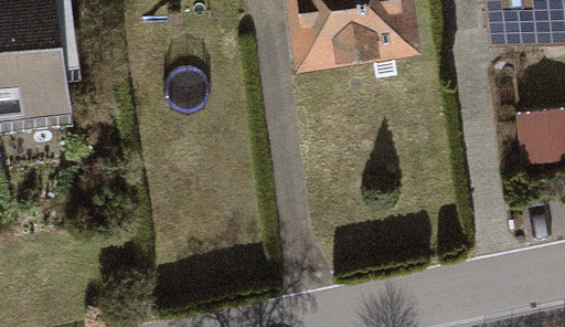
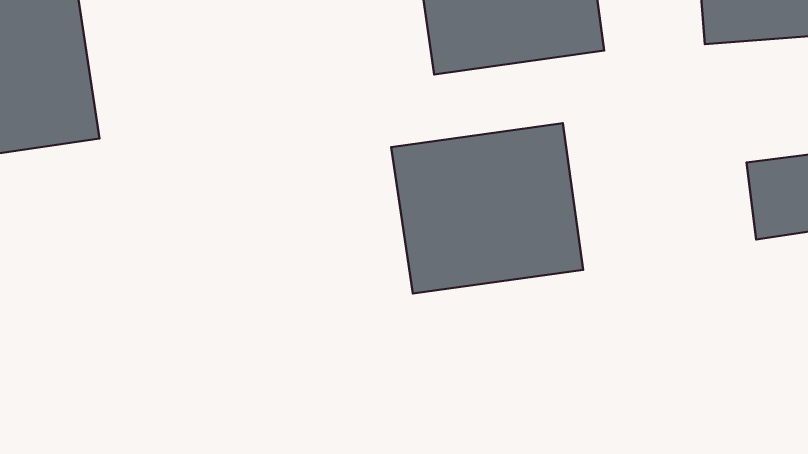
building: none -> [391,123,583,294]

